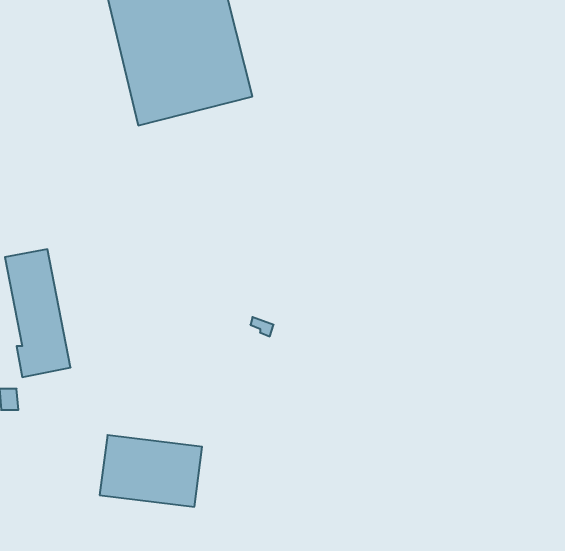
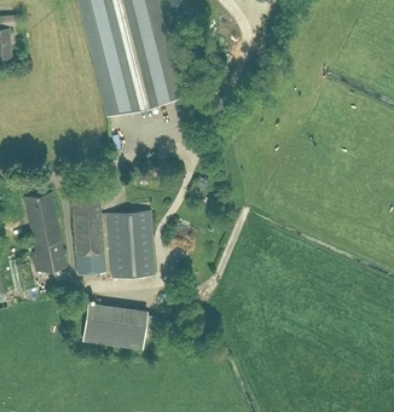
building: none -> [73,188,155,278]

